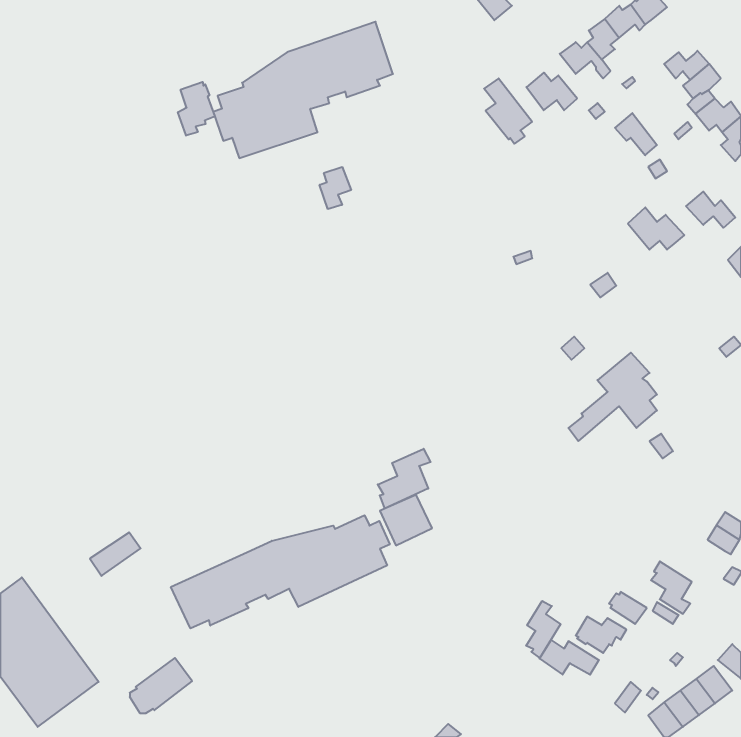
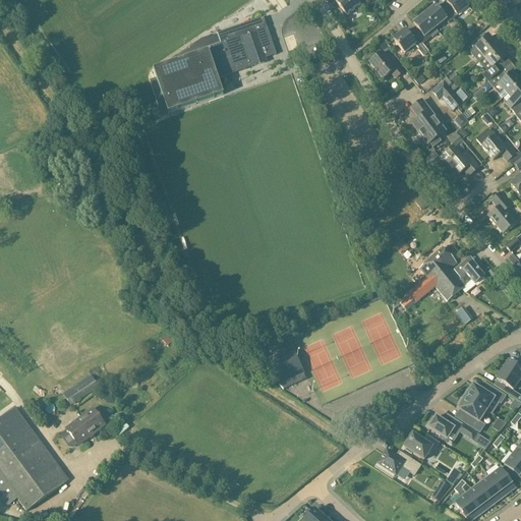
building: [484,78,532,144] -> [411,100,445,146]
building: [178,82,215,136] -> none
building: [320,167,351,209] -> none
building: none -> [488,191,516,232]
building: none -> [454,258,483,291]
building: [378,449,431,508] -> none
building: [171,515,390,628] -> none
building: none -> [463,383,505,408]
building: [526,601,561,658] -> none
building: [130,658,192,713] -> [61,407,105,446]

